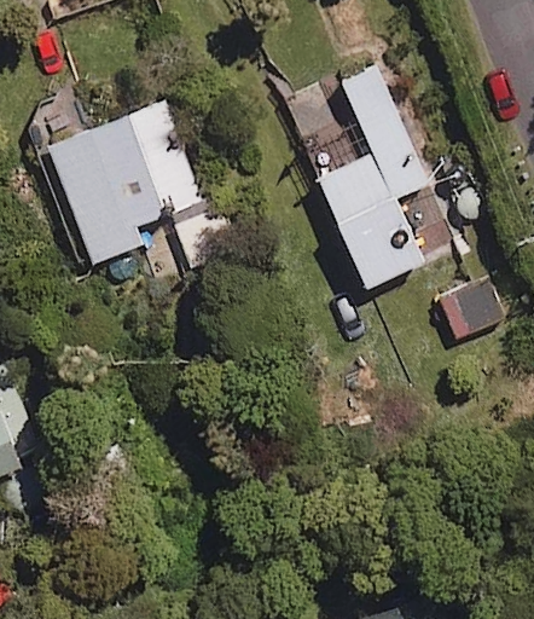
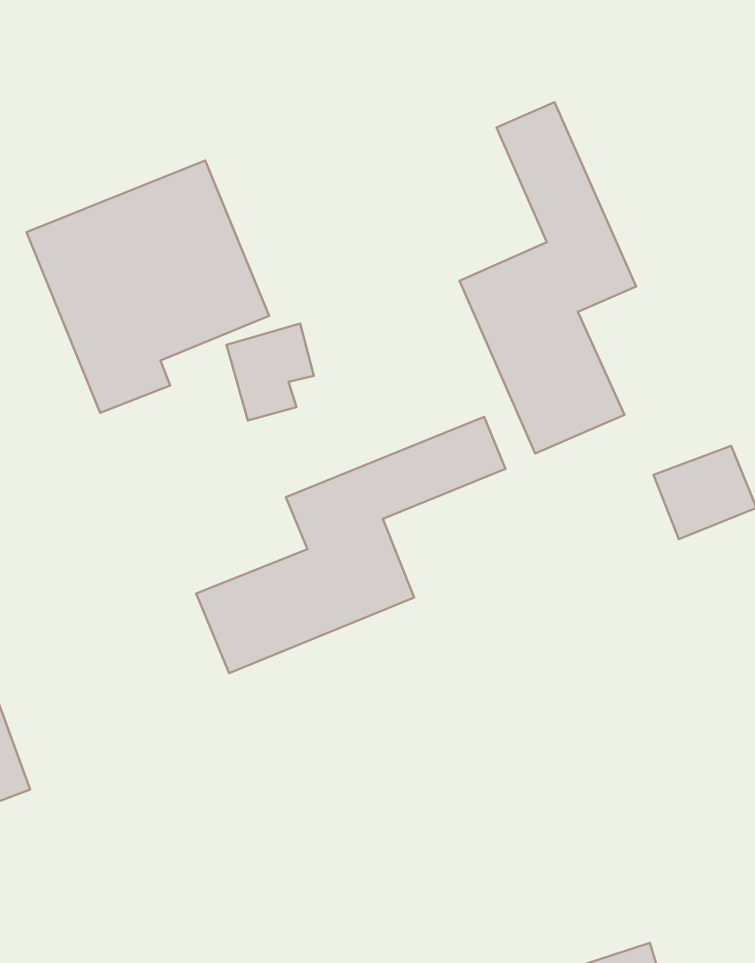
building: none -> [196,417,506,673]

